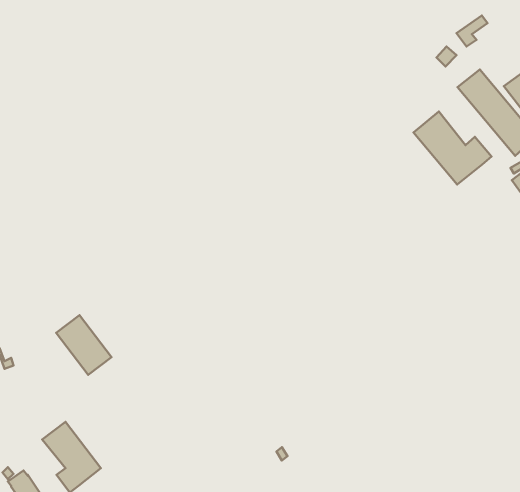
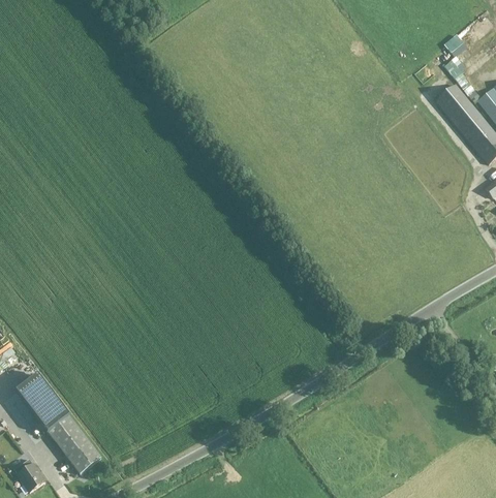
building: [414,111,492,184] -> none
building: [56,315,111,375] -> [17,374,68,430]

